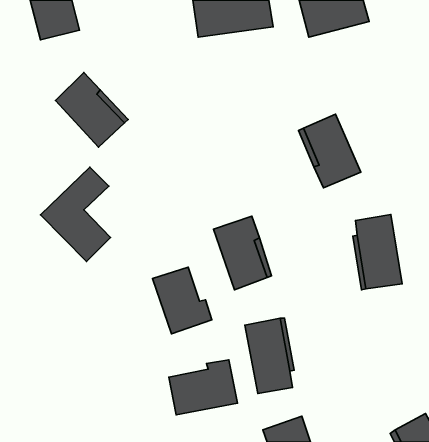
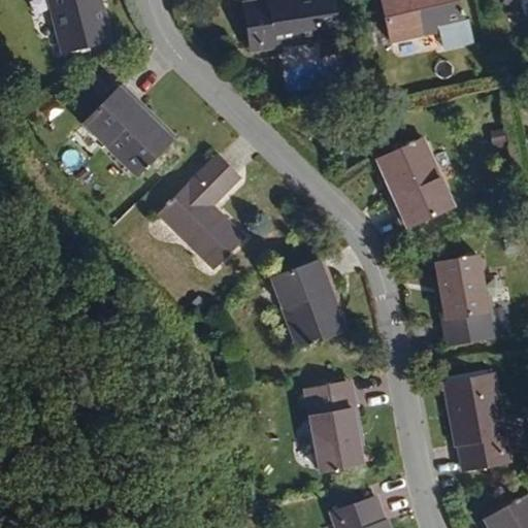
building: [41,167,111,262] -> [164,155,248,267]
building: [153,267,212,334] -> none
building: none -> [450,372,512,470]
building: [169,360,238,415] -> none

